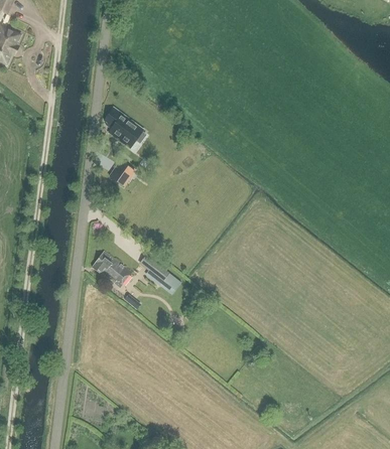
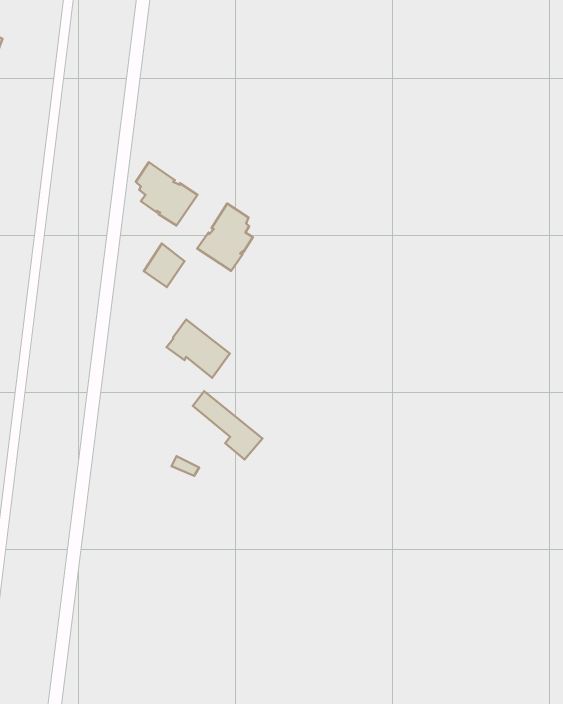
building: none -> [197,204,253,271]
building: [93,250,132,286] -> [167,319,230,378]

